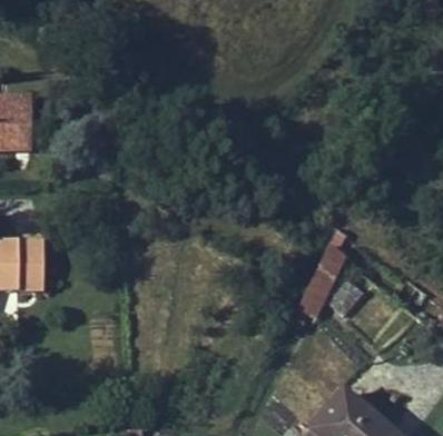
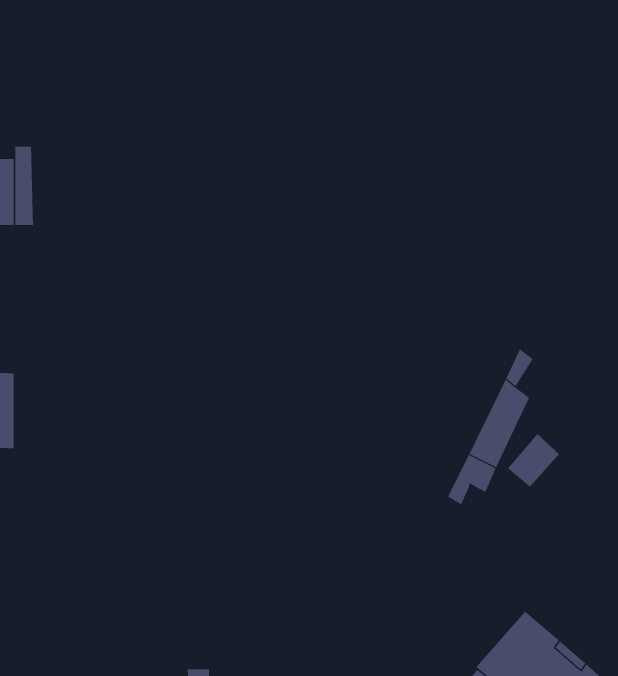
building: [18,241,42,289] -> none

